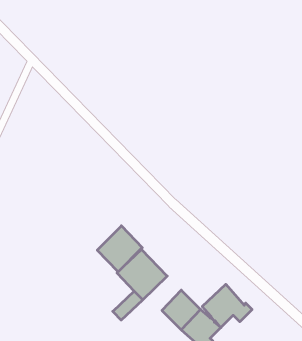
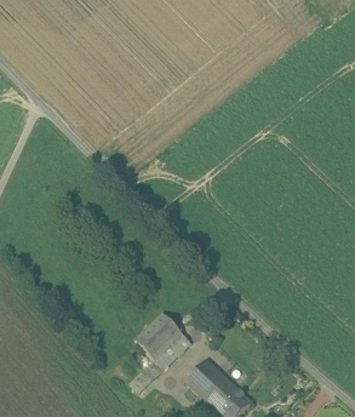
building: [97,226,142,272] -> none
building: [202,284,252,328] -> none

